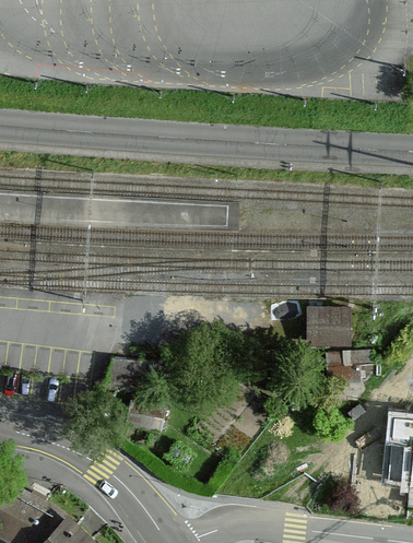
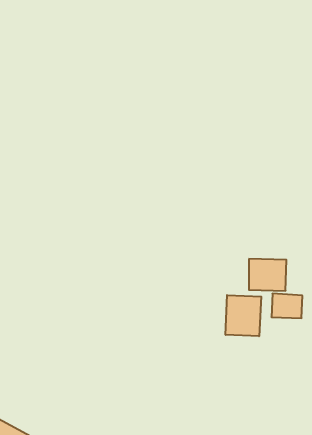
building: none -> [226,295,261,336]

